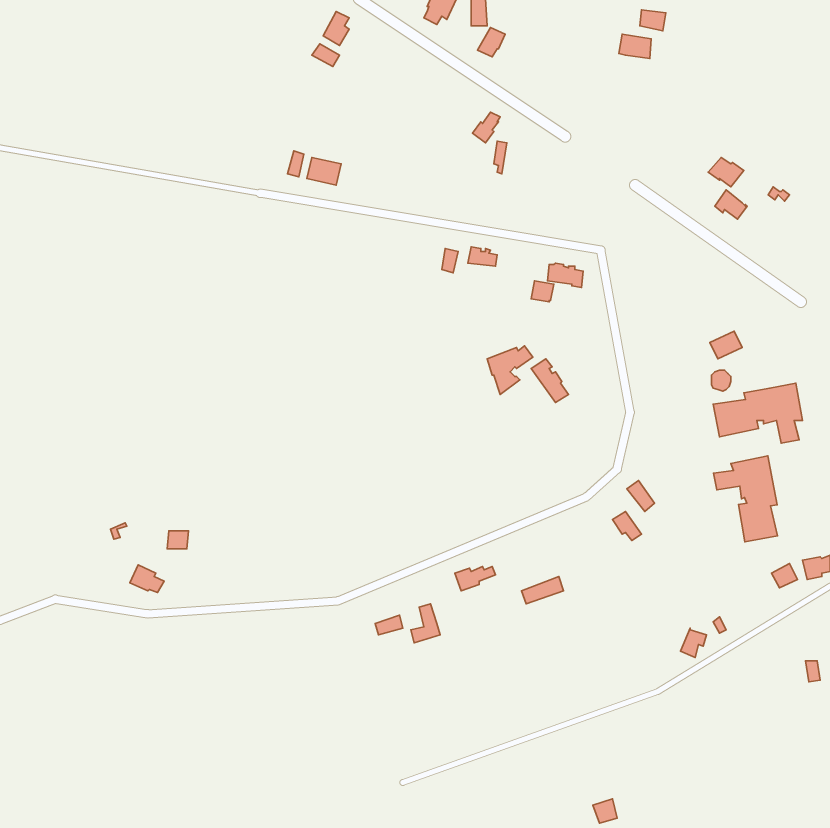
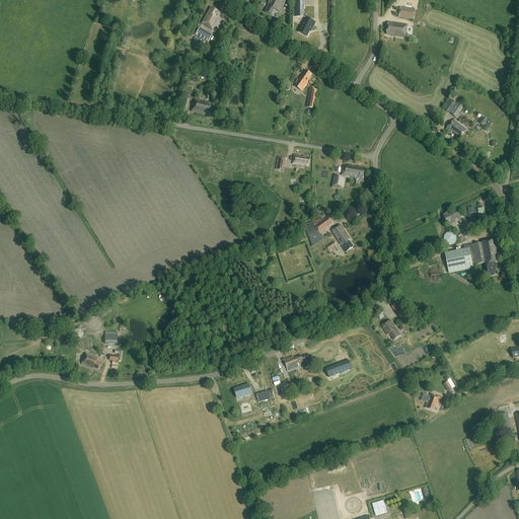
building: [714,456,777,542] -> none

